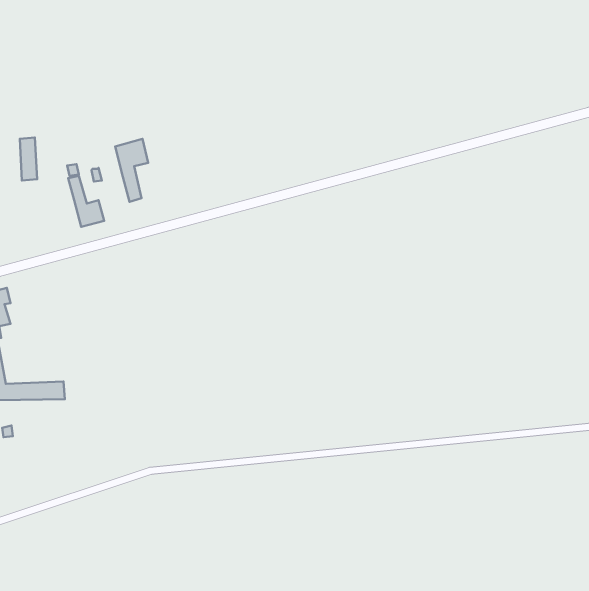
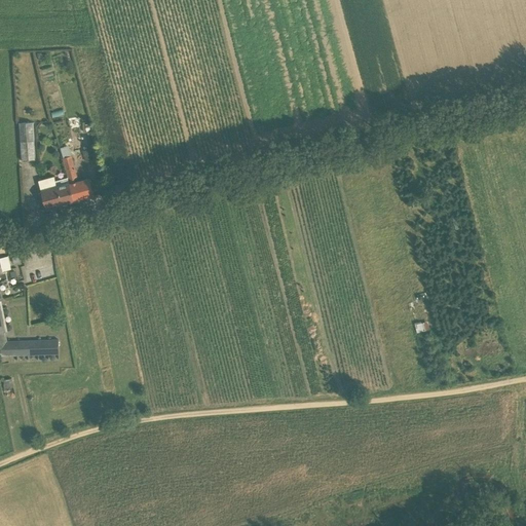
building: [115,139,148,202] -> none
building: none -> [36,177,72,209]

